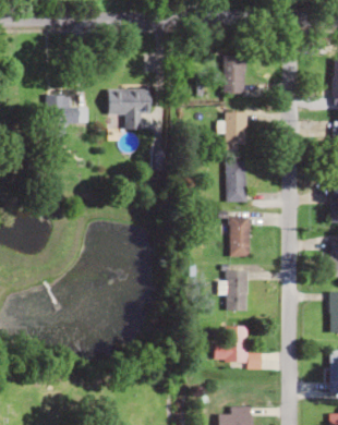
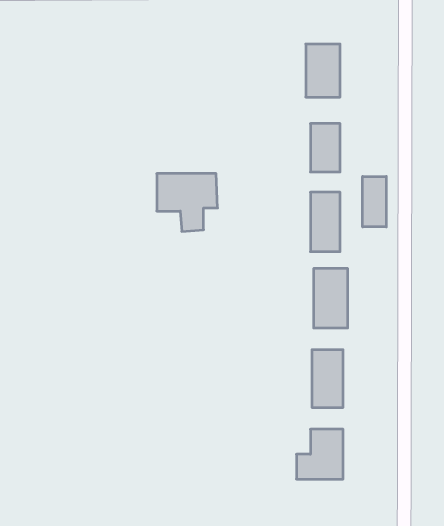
building: [50,86,85,123] -> none
building: [109,89,152,130] -> [157,174,218,231]
building: none -> [363,176,386,227]

